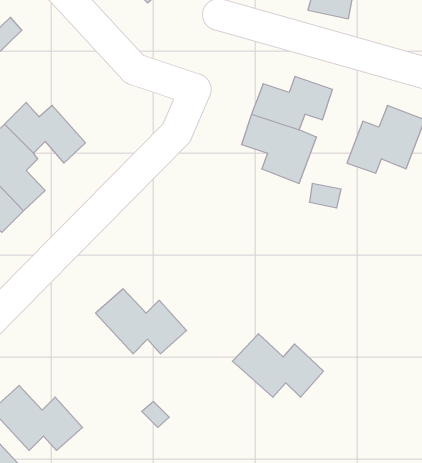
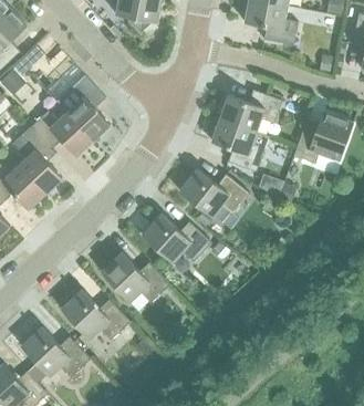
building: none -> [64,75,110,140]
building: none -> [178,168,249,217]
building: [232,334,323,397] -> [141,214,210,262]
building: none -> [60,289,129,340]

